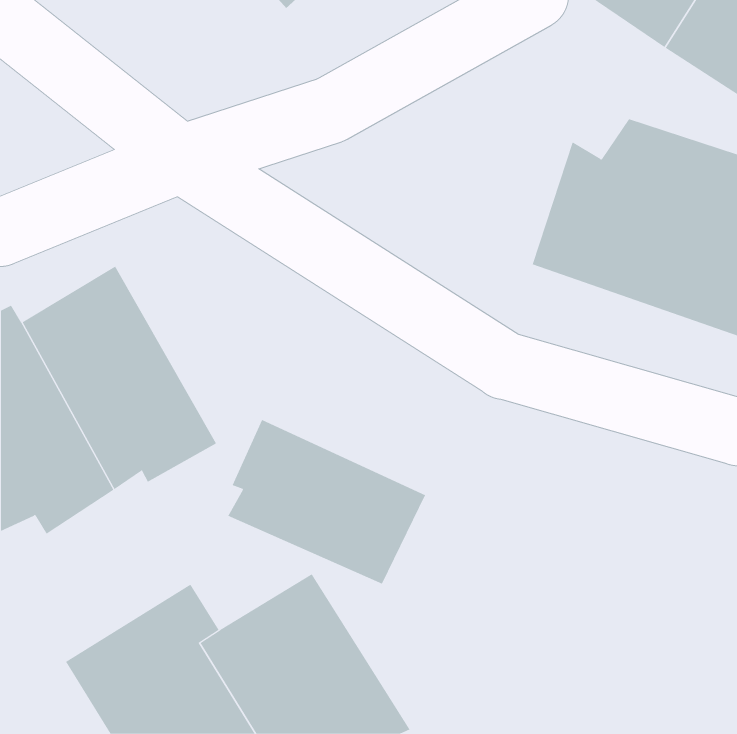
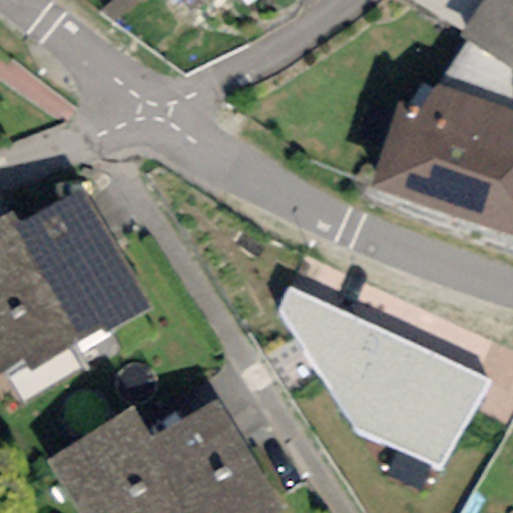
building: none -> [279,288,490,464]
building: [228,419,426,585] -> none

